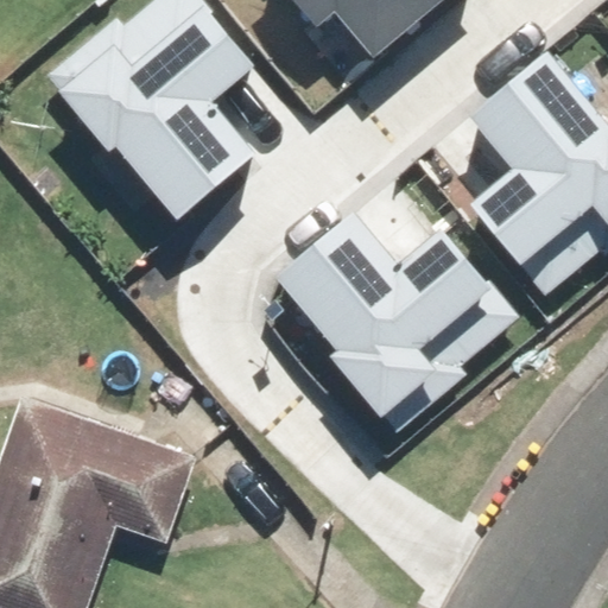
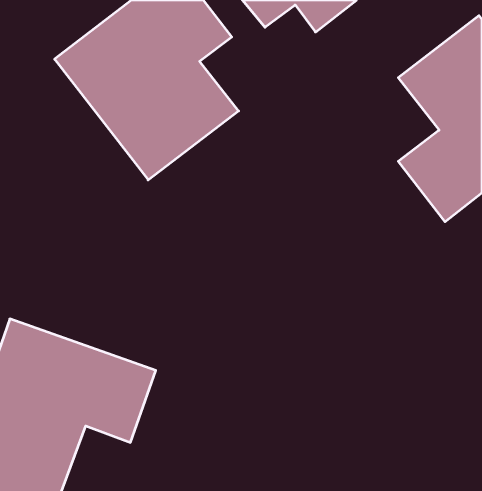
building: [266,198,521,412] -> none

